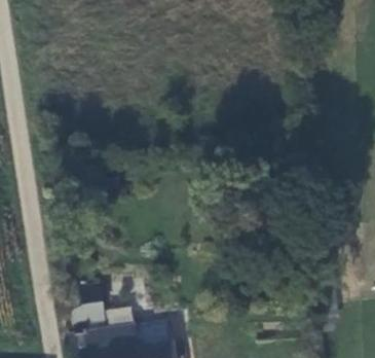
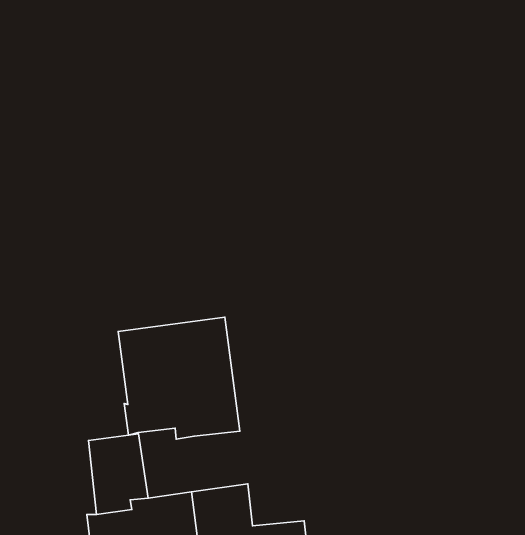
building: none -> [118,317,240,439]

